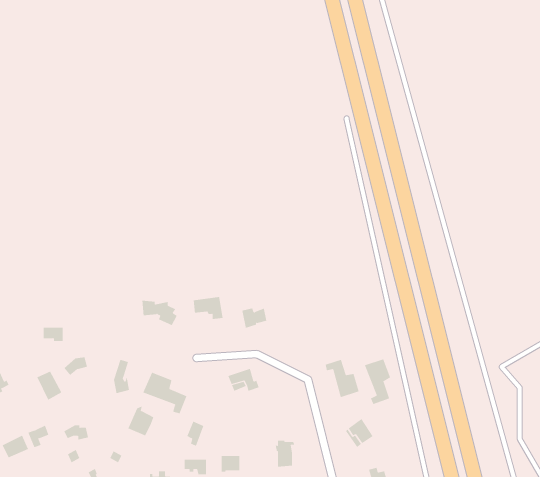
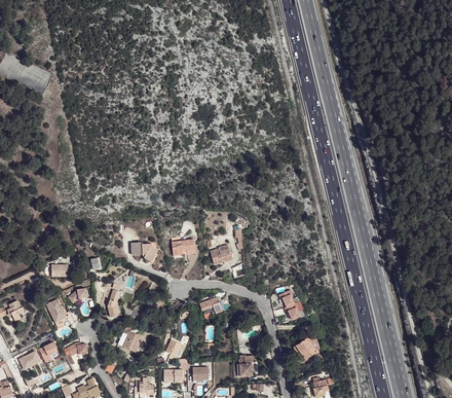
building: [364,359,391,405] -> none
building: [143,372,187,414] -> none

